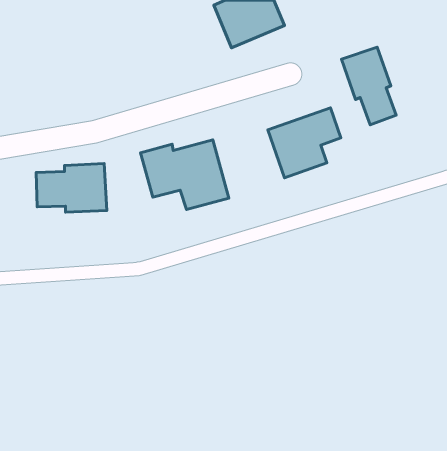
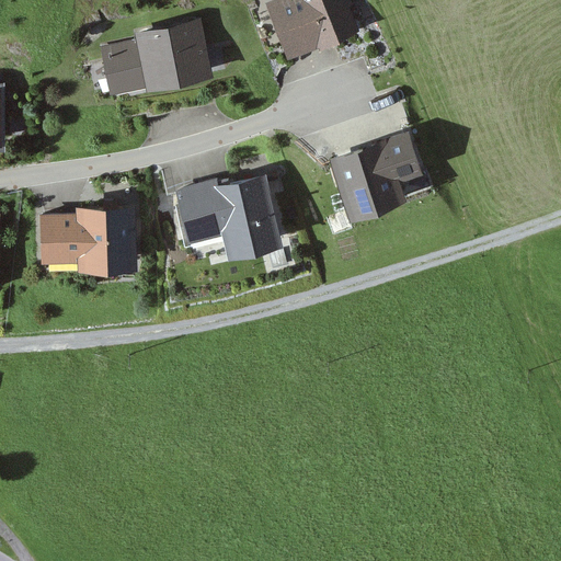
building: none -> [103,23,208,98]
building: [341,47,396,125] -> none

